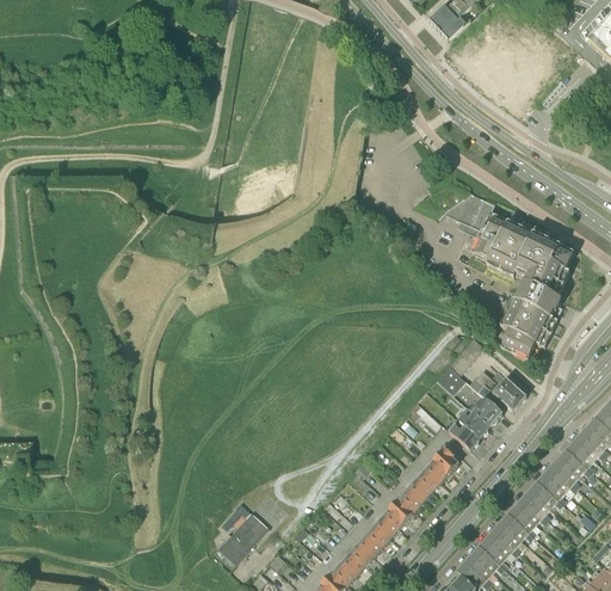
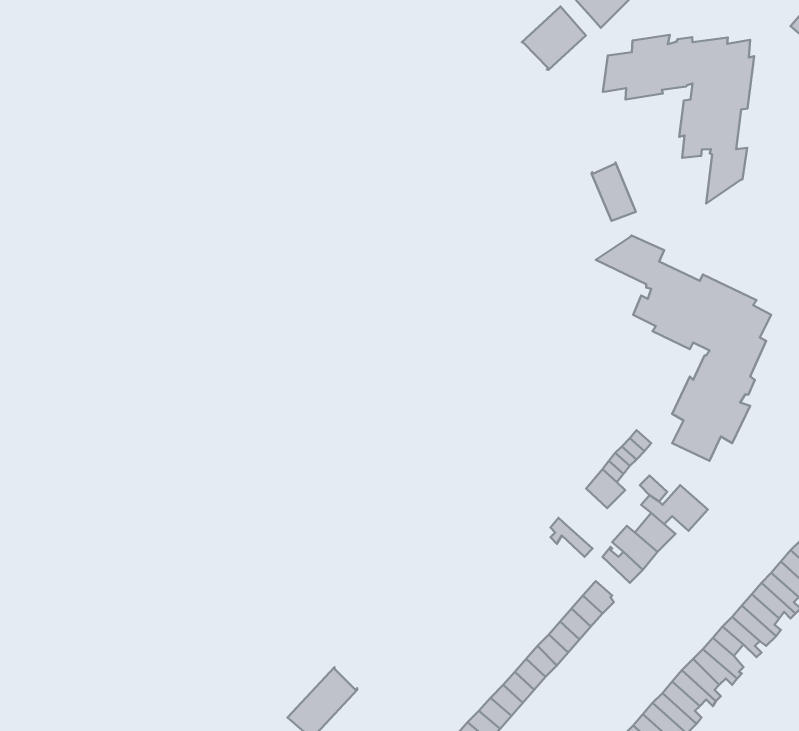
building: none -> [522,7,586,70]
building: none -> [603,35,754,204]
building: none -> [592,163,636,221]

